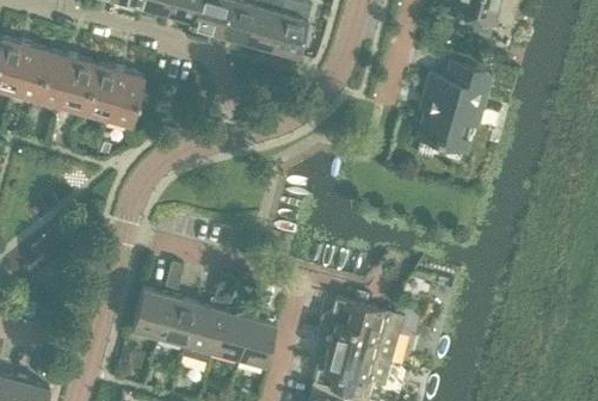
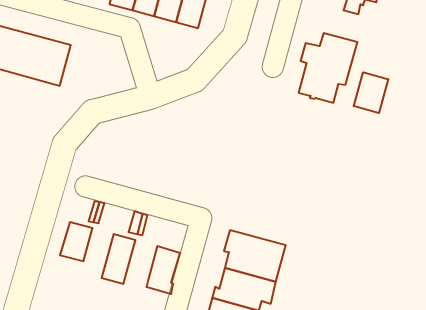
building: none -> [354,72,388,113]
building: [160,295,196,341] -> none
building: [211,309,248,356] -> none

